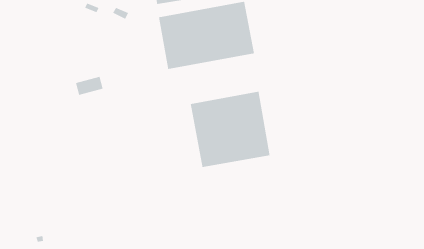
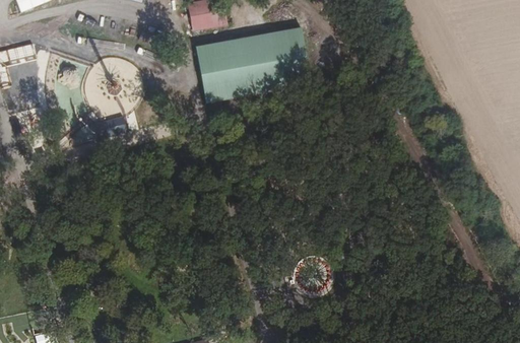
building: [190,91,270,168] -> none

